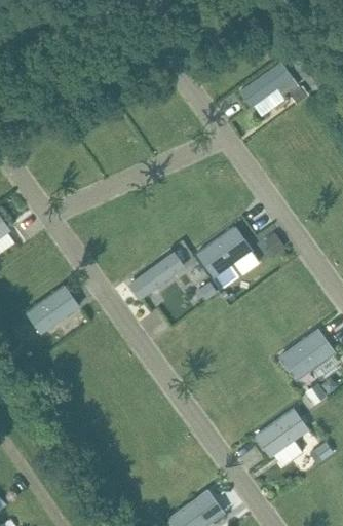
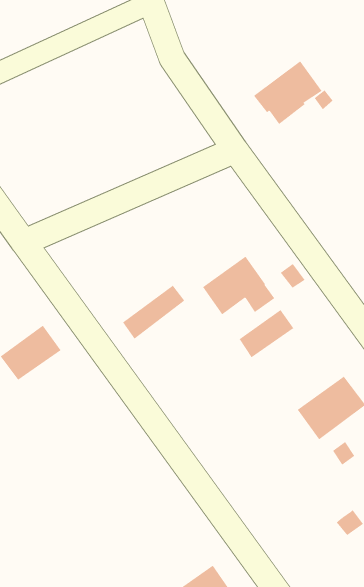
building: none -> [239,309,294,358]
building: [257,409,310,465] -> none

